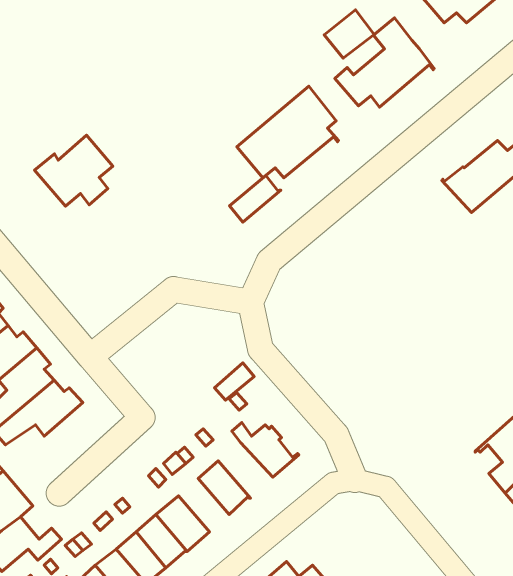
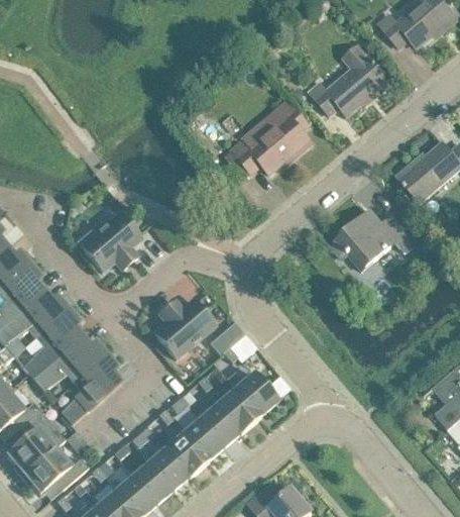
building: [324,10,374,58] -> none
building: [34,135,113,206] -> [77,213,140,271]
building: [230,175,281,222] -> none
building: none -> [330,210,416,270]
building: none -> [154,301,214,358]
building: none -> [61,355,120,424]
building: none -> [215,388,259,433]
building: none -> [183,417,224,460]

